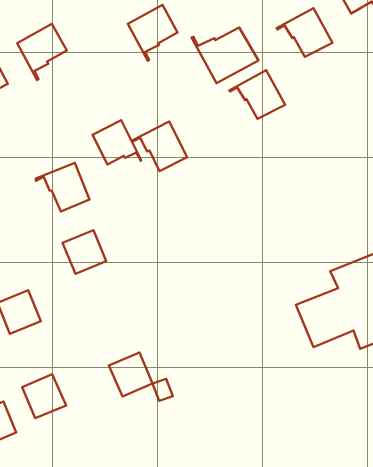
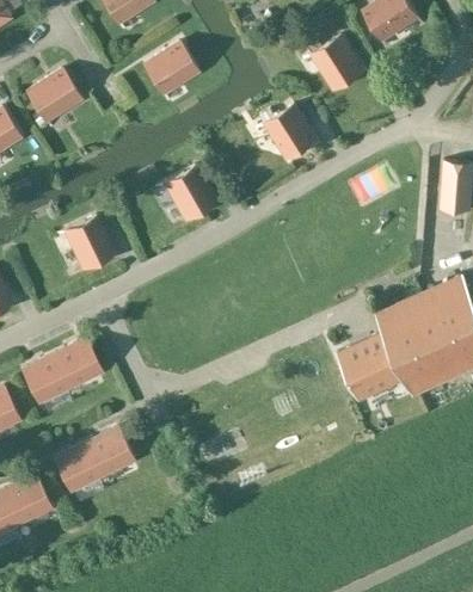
building: [192,27,259,83] -> none
building: [93,120,141,164] -> none
building: [63,230,106,274] -> [54,340,102,388]
building: [109,353,152,396] -> [85,428,133,476]

